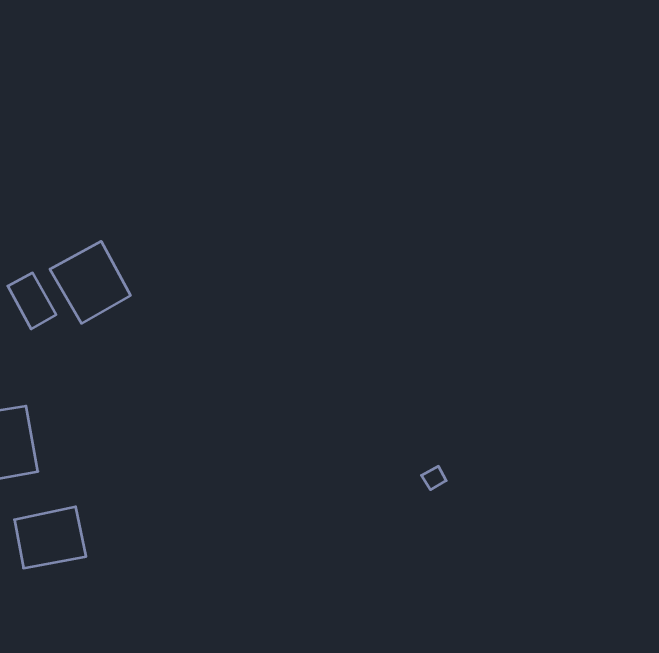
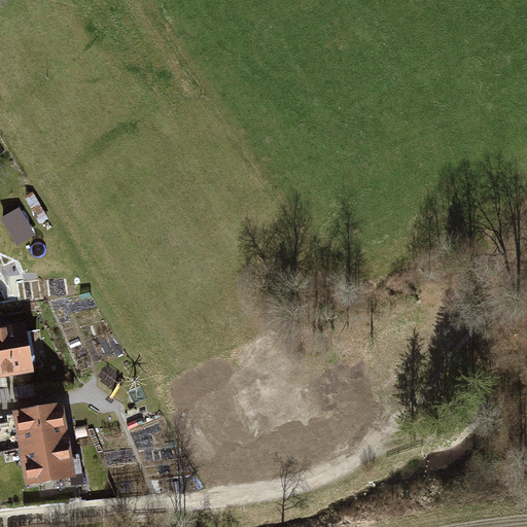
building: [50,241,130,323] -> none
building: none -> [19,438,75,487]

